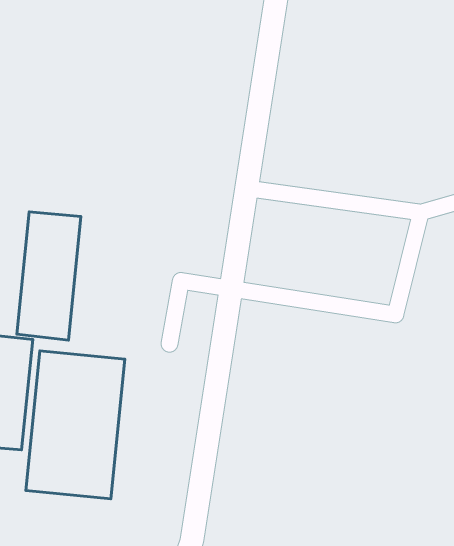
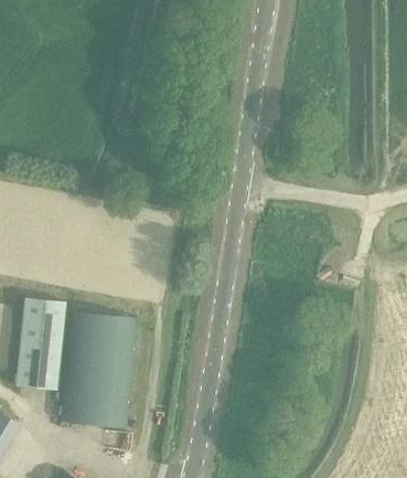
building: [17,212,81,340] -> none

